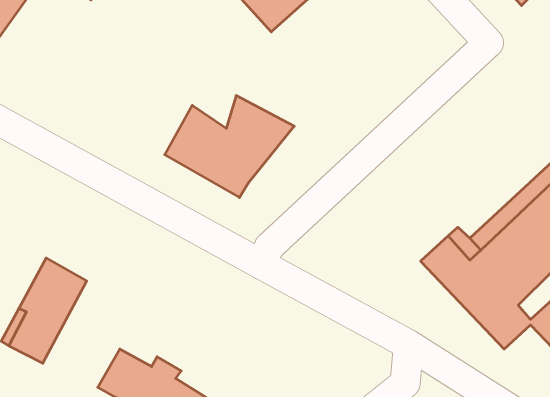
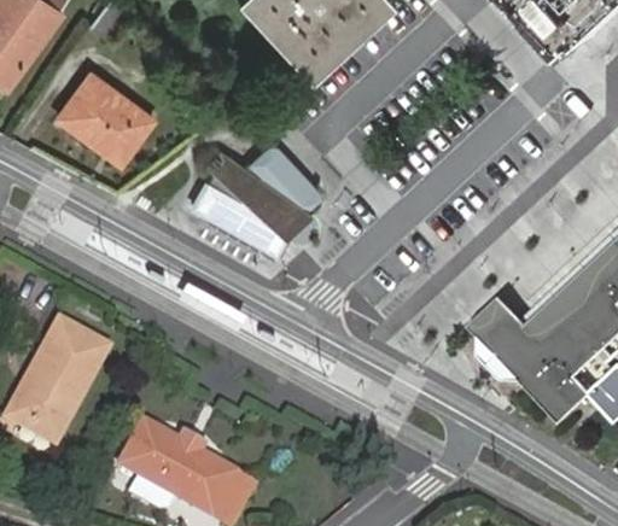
building: none -> [60,77,153,164]

